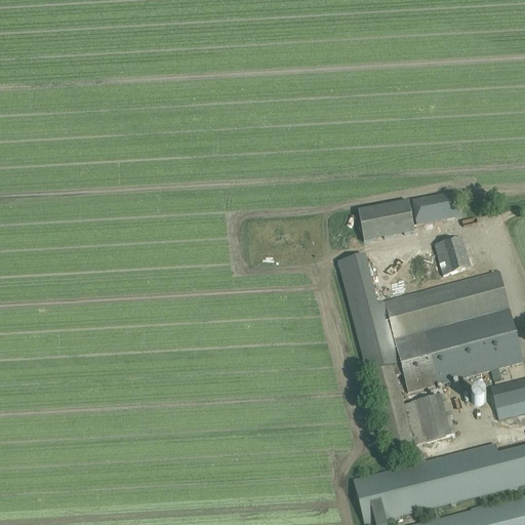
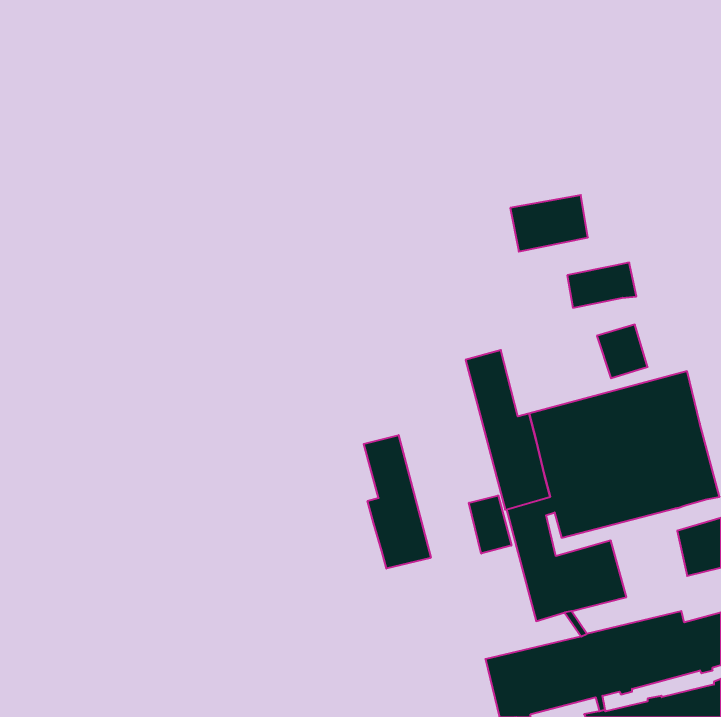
building: [358,200,414,241] -> [510,195,588,252]
building: none -> [364,435,431,569]
building: none -> [469,495,511,554]

